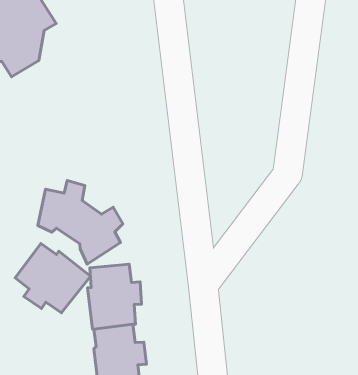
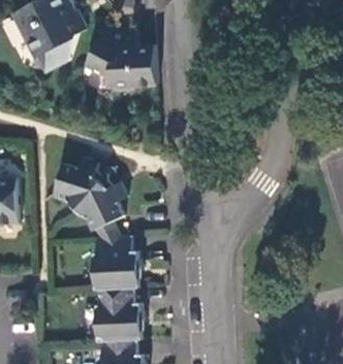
building: none -> [85,26,155,92]
building: [15,244,90,313] -> none

